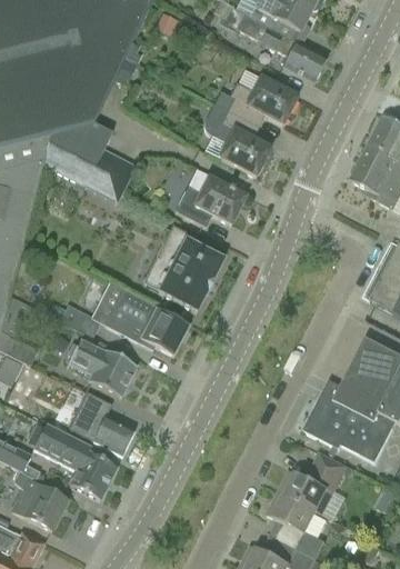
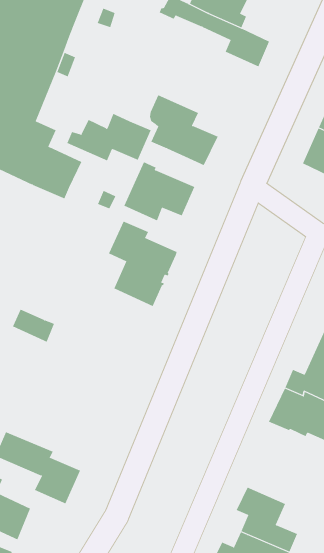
building: [213,77,297,124] -> [67,113,151,161]
building: [103,287,188,355] -> none
building: [66,337,136,398] -> none
building: [67,391,134,456] -> none
building: [278,451,347,513] -> none

